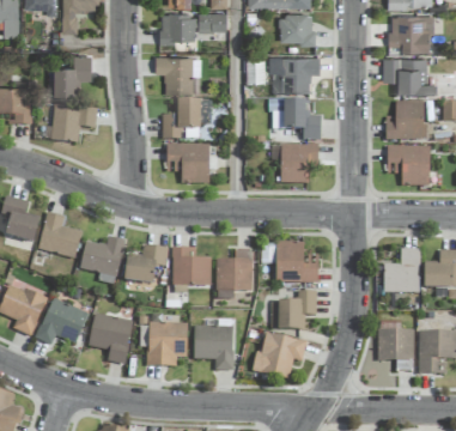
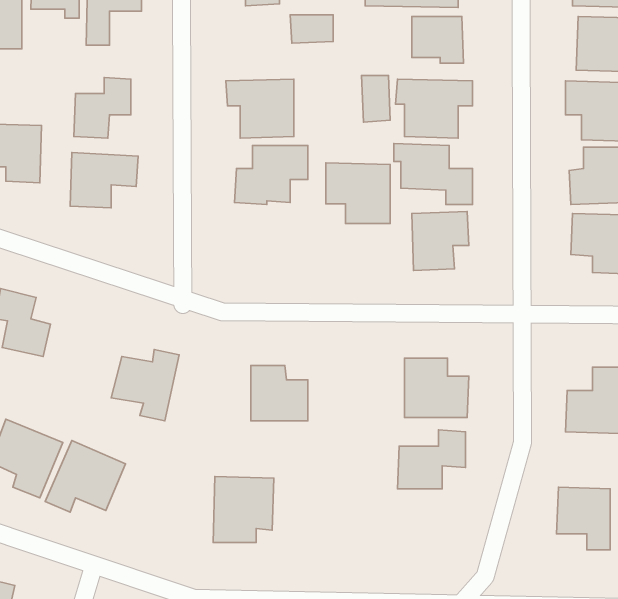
building: [162,13,197,43] -> none
building: [166,142,209,183] -> [326,163,390,224]
building: [38,212,81,256] -> none
building: [124,244,169,290] -> none
building: [215,249,251,298] -> none
building: [87,312,133,364] -> none
building: [194,326,233,369] -> none
building: [253,333,305,377] -> none

